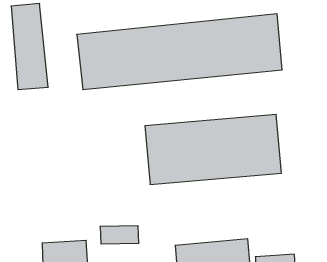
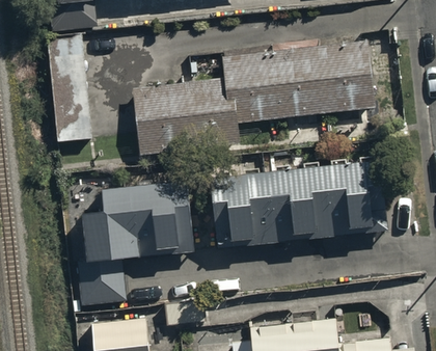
building: none -> [79,188,187,255]
building: none -> [76,263,117,305]

